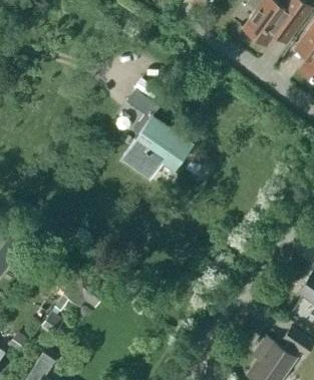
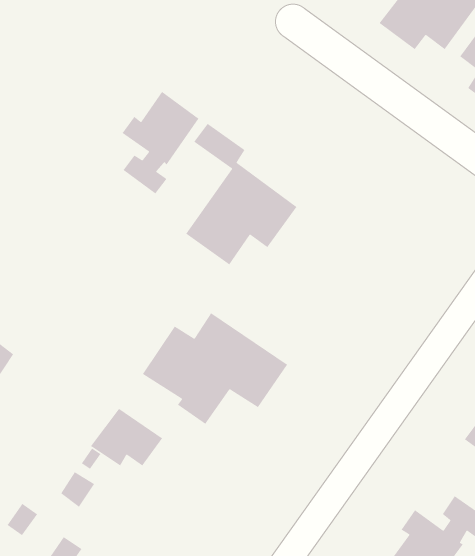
building: none -> [121,91,199,194]
building: none -> [142,312,288,425]

